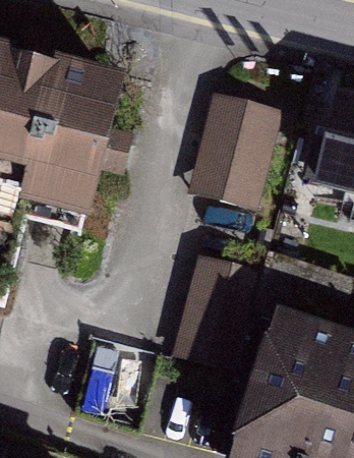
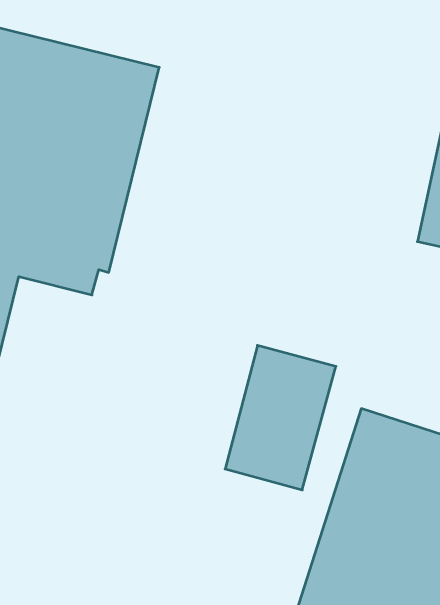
building: [193,94,281,207] -> none

